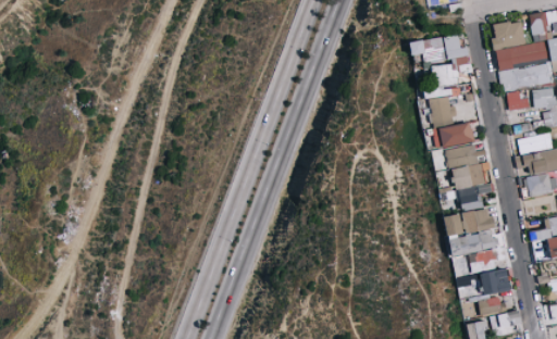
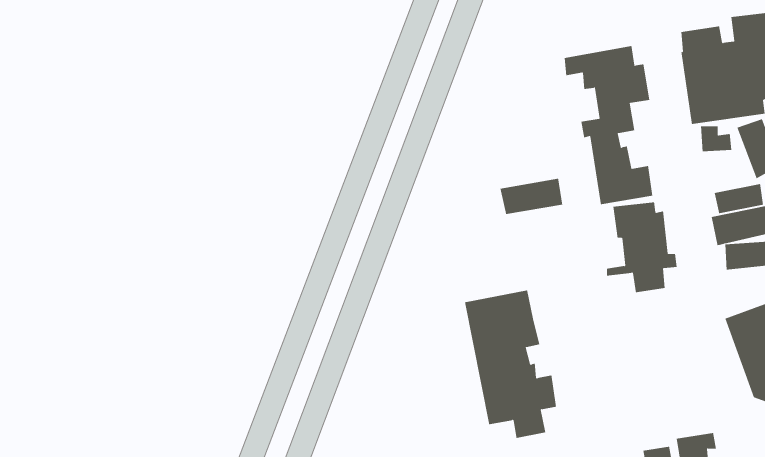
building: none -> [500,178,563,215]
building: [444,208,510,314] -> [464,290,557,439]

